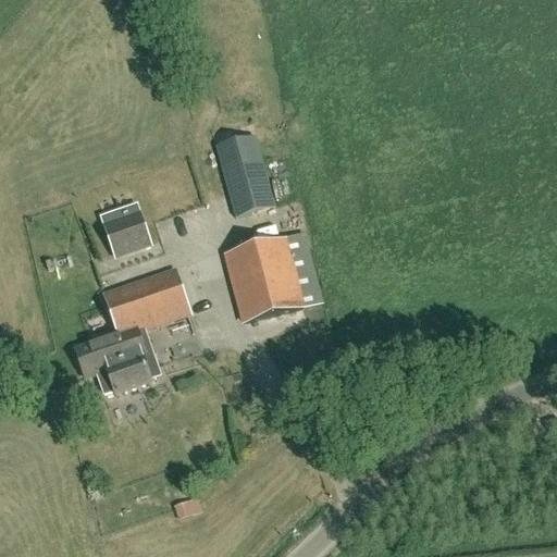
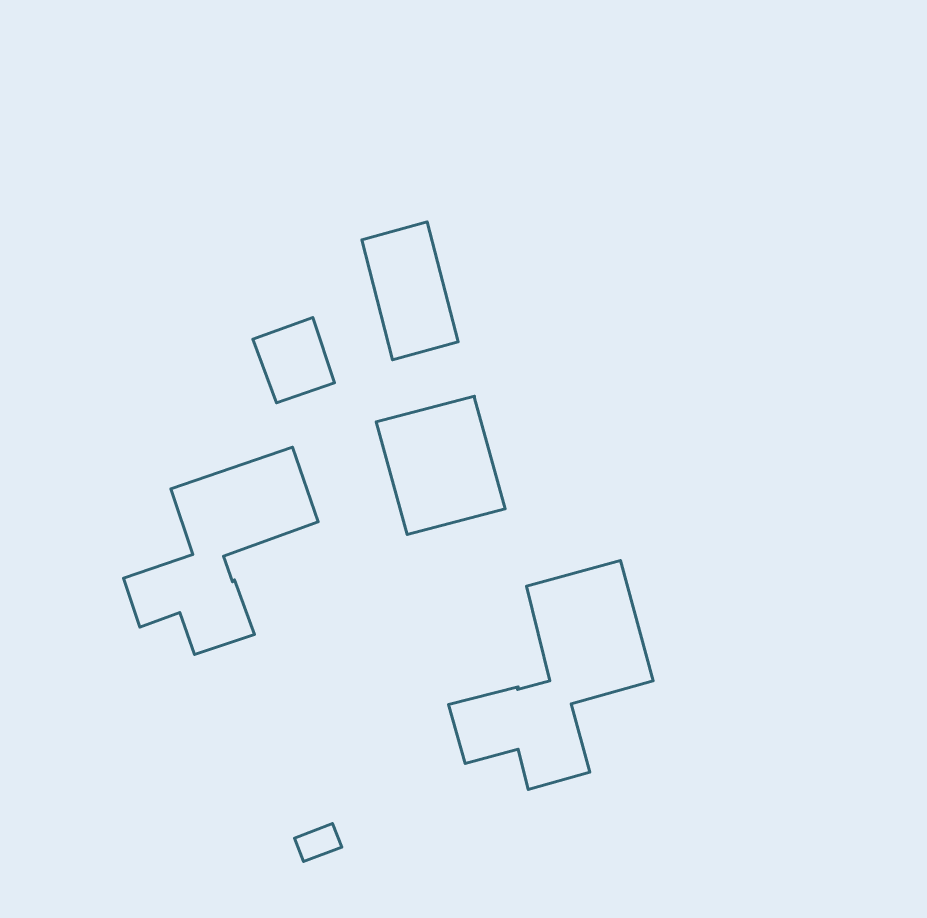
building: [100,201,149,252] -> [253,317,335,403]
building: none -> [449,560,653,789]

